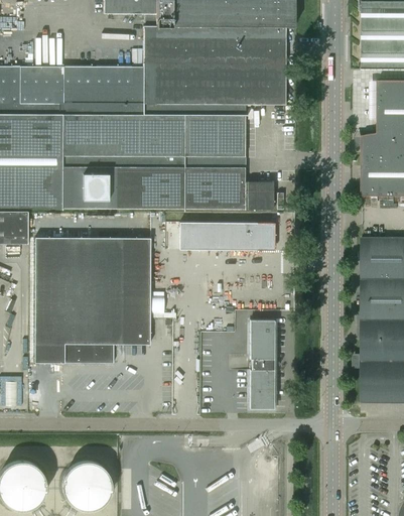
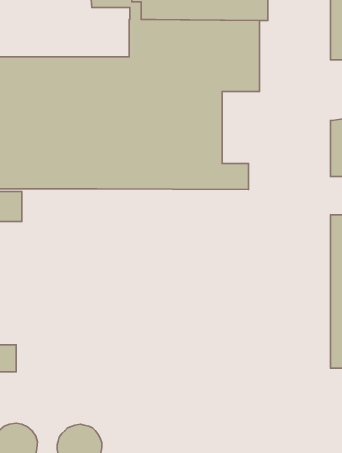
building: [179,222,273,250] -> none
building: [34,238,151,363] -> none
building: [250,319,275,408] -> none

